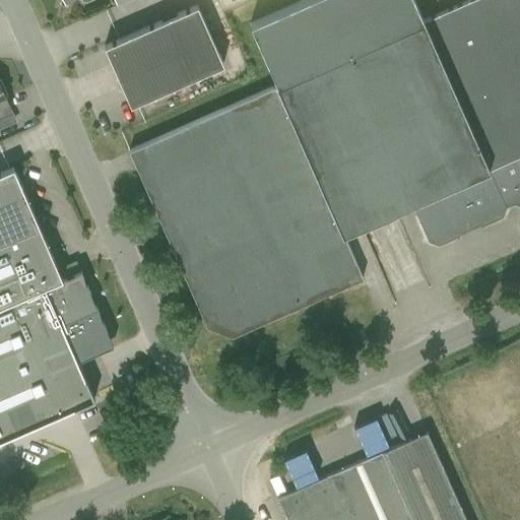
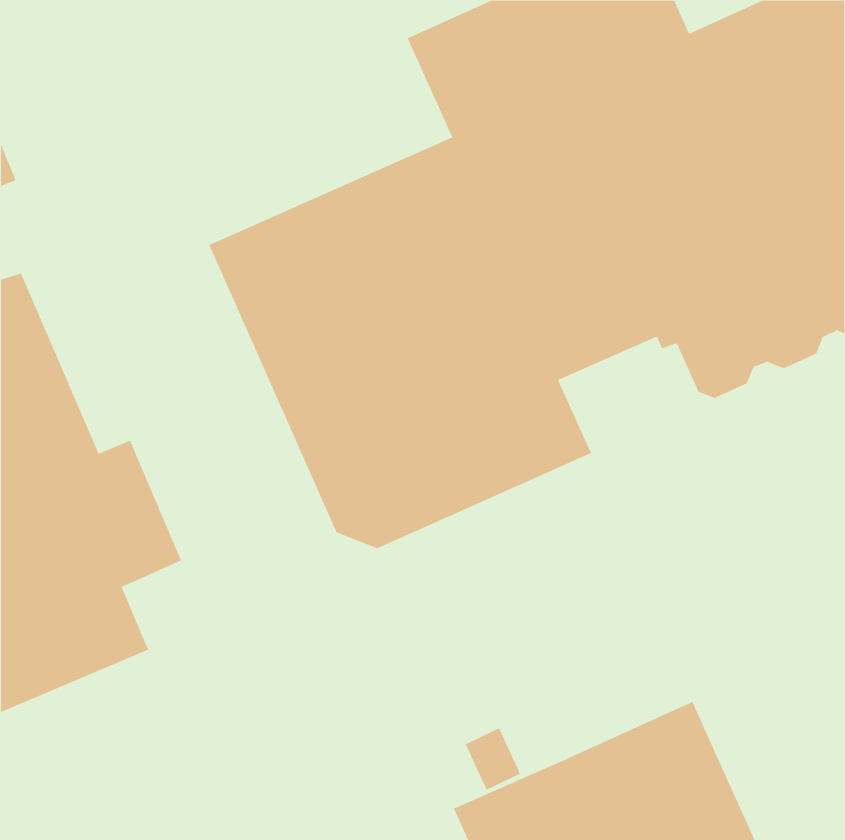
building: [105,7,223,108] -> none

